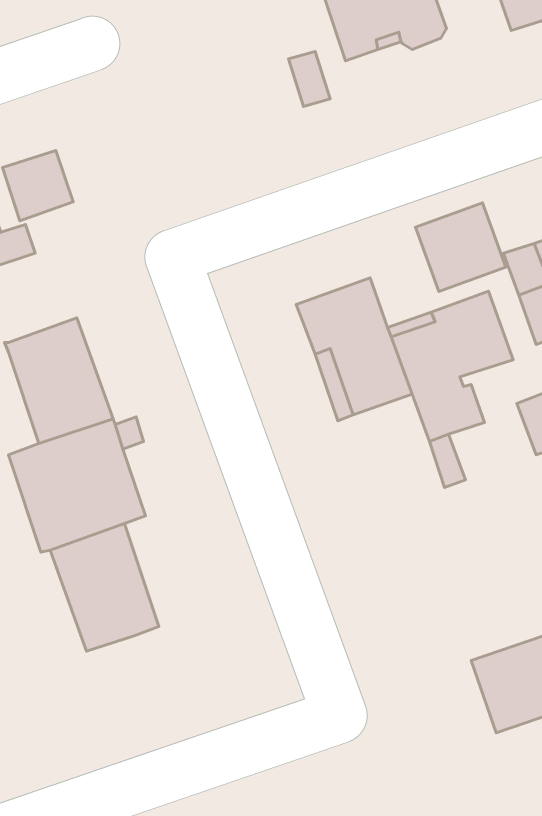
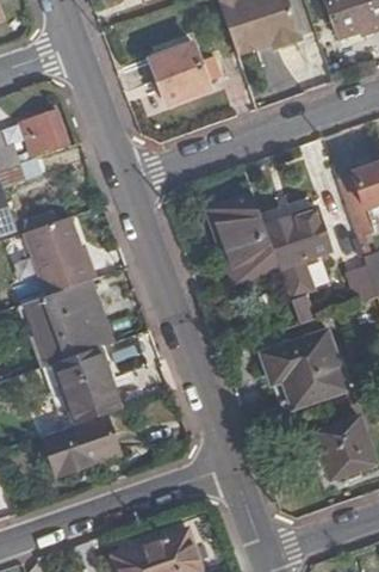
building: none -> [149,41,206,100]
building: [415,203,506,291] -> none
building: none -> [260,327,346,408]
building: none -> [42,414,118,476]

